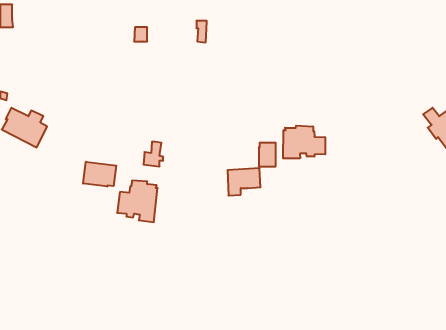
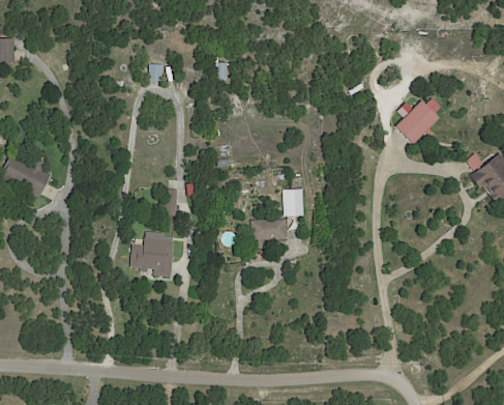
building: none -> [395,102,438,145]
building: [283,126,325,158] -> none
building: [83,162,116,187] -> none

